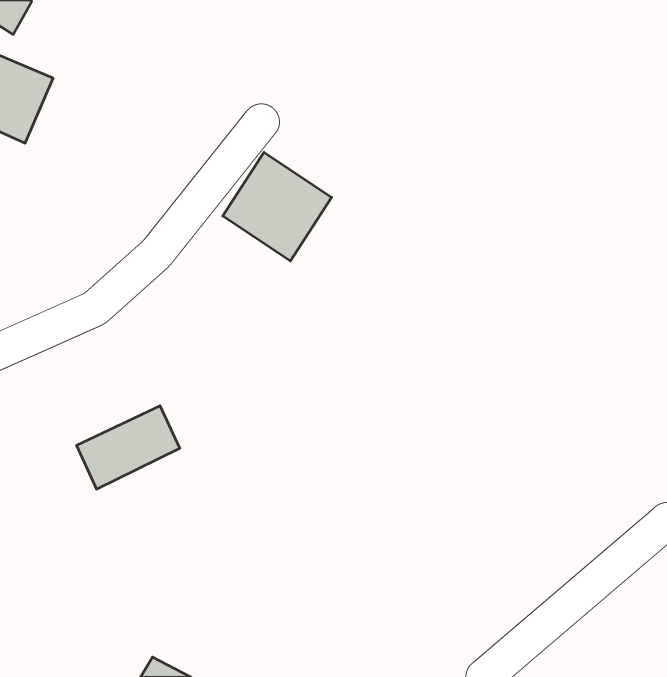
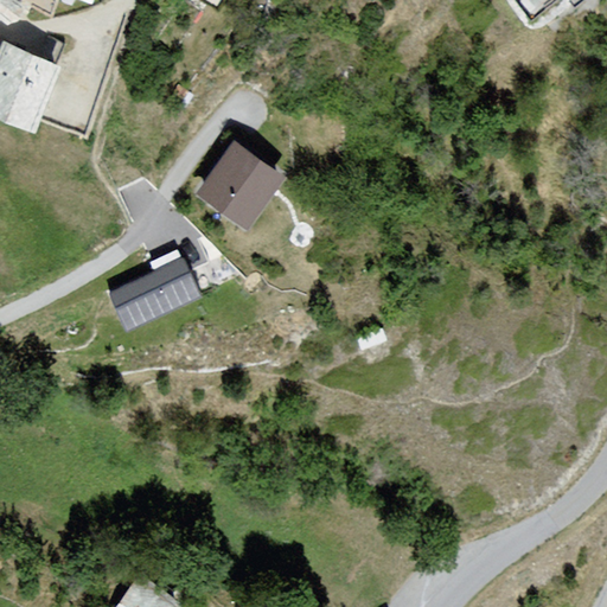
building: [77,406,180,489] -> [98,256,191,331]

